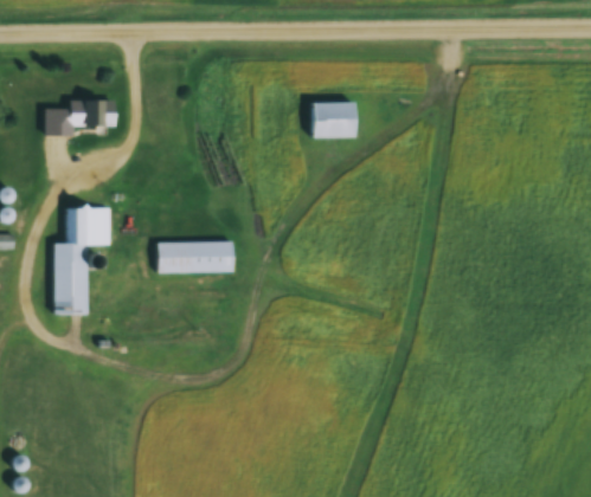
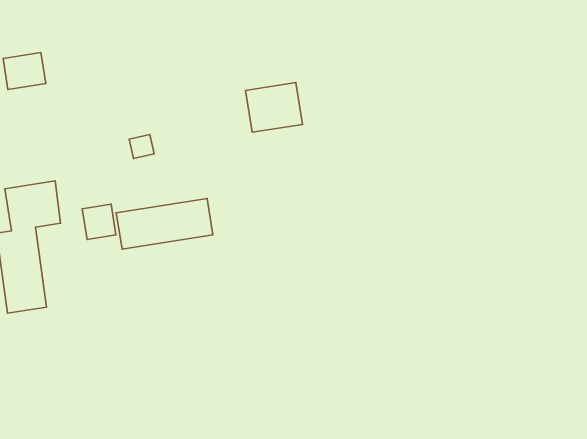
building: [311,103,354,138] -> [246,82,303,132]
building: none -> [82,204,116,240]

